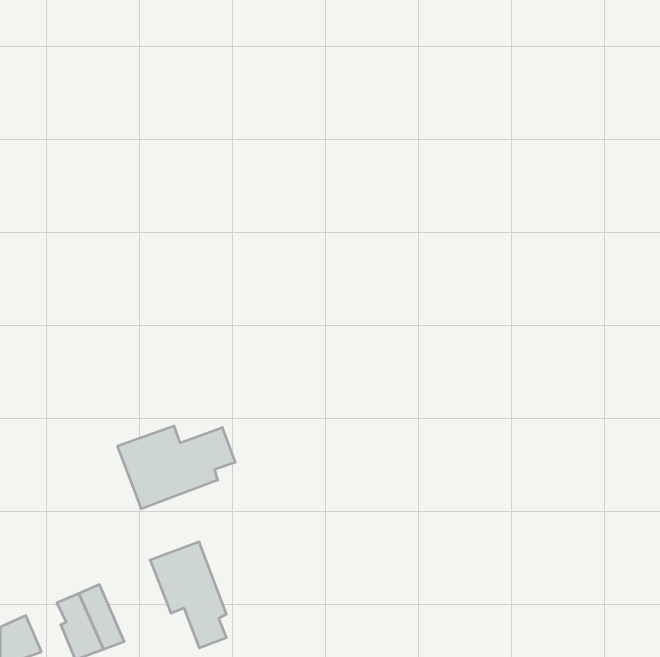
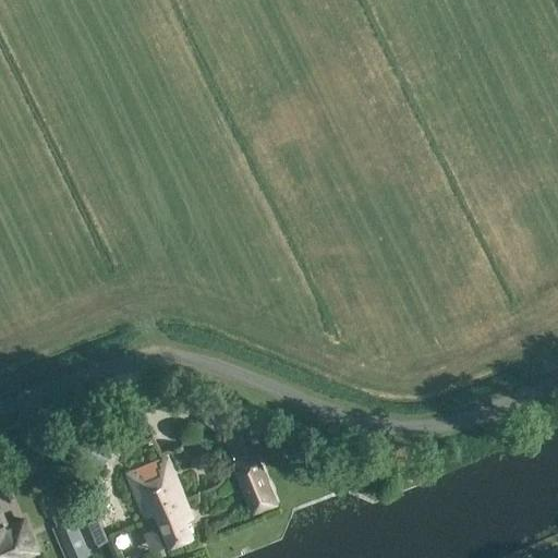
building: [118,426,235,509] -> none
building: none -> [232,456,276,514]

